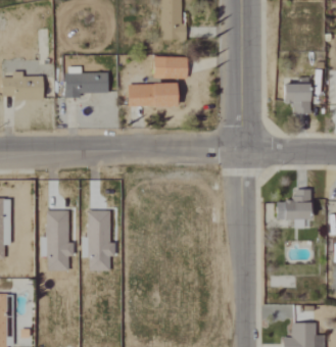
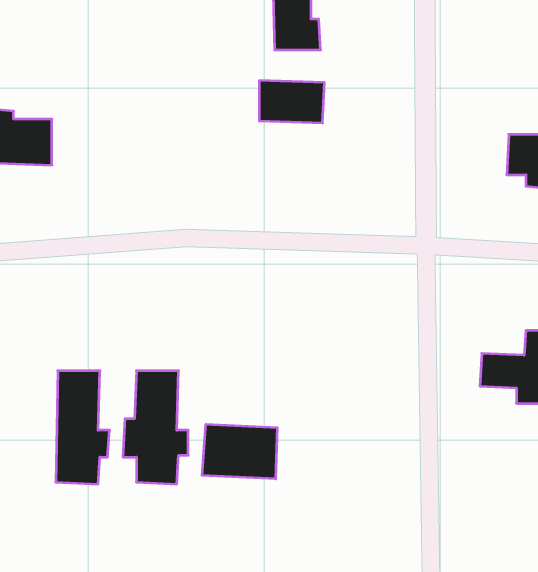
building: [66,66,108,98] -> none
building: [128,84,180,107] -> none
building: none -> [202,424,277,479]

